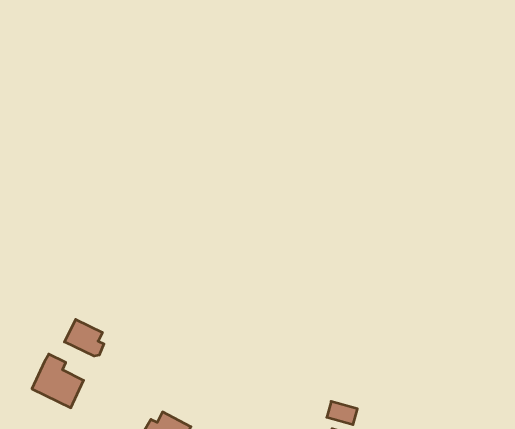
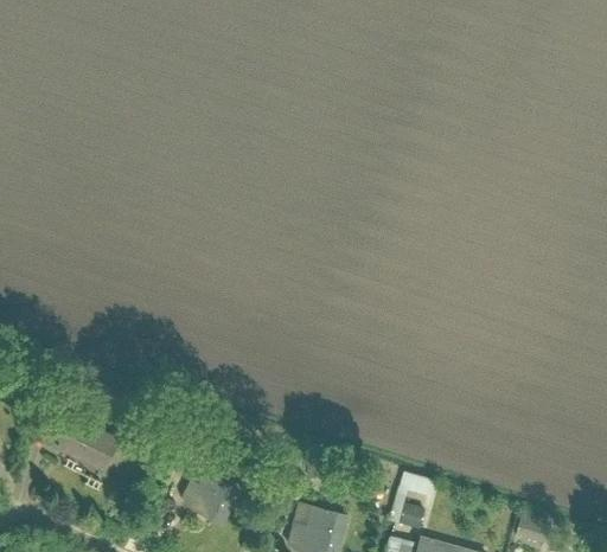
building: [64,319,104,356] -> none

